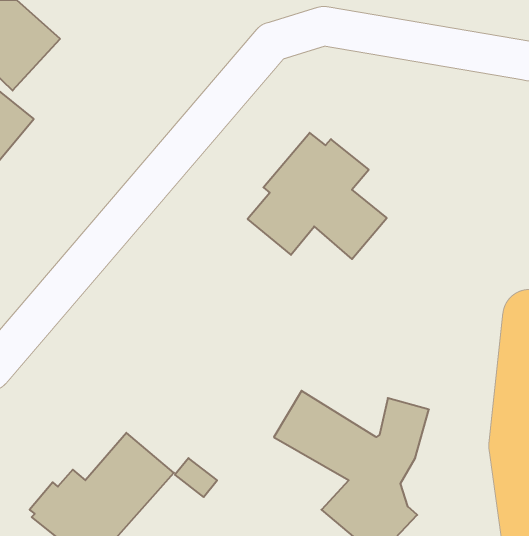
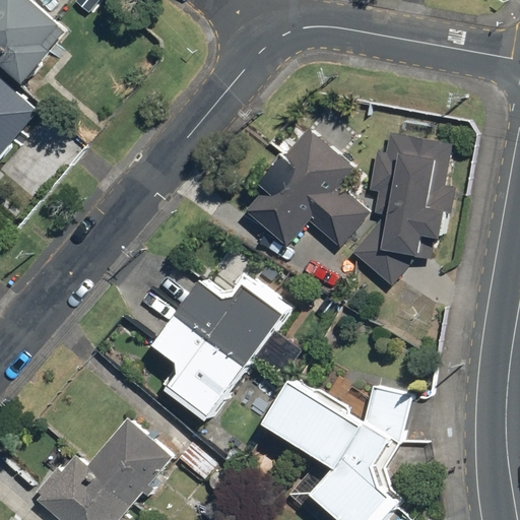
building: none -> [352,133,454,288]
building: none -> [151,279,283,415]

